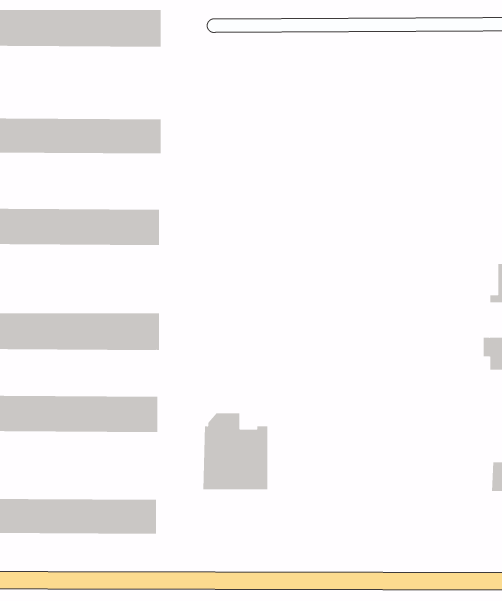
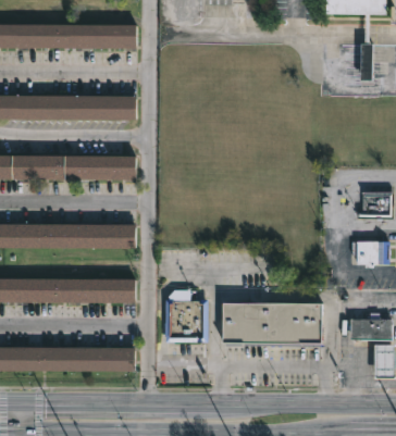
building: none -> [222,302,321,344]

